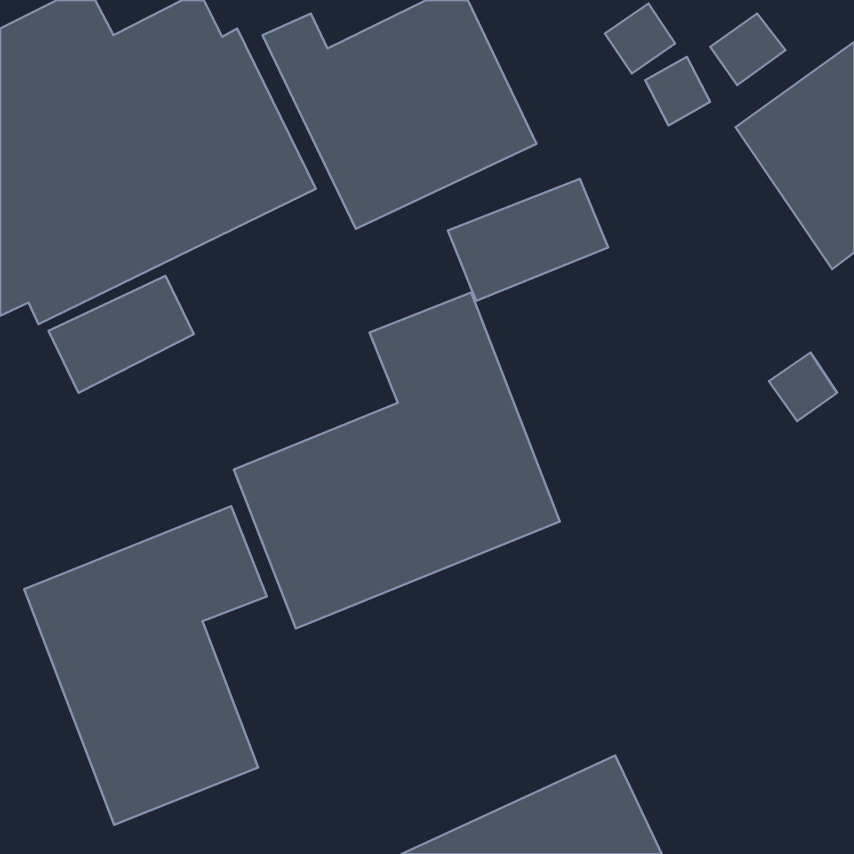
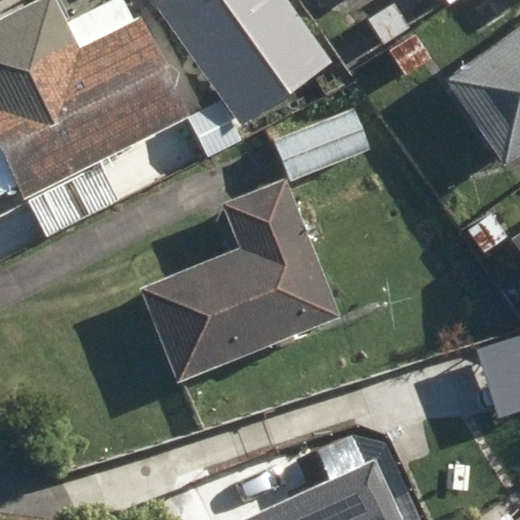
building: [24,506,267,825] -> none

